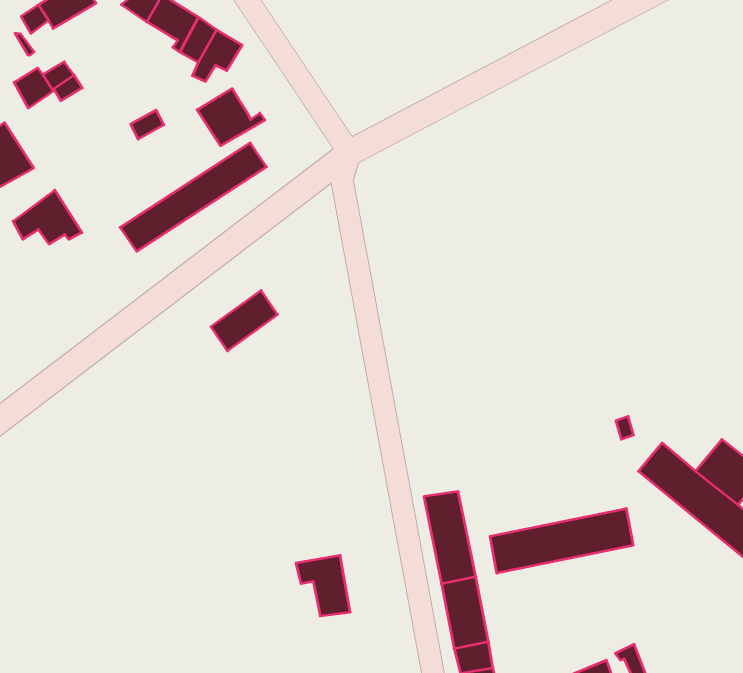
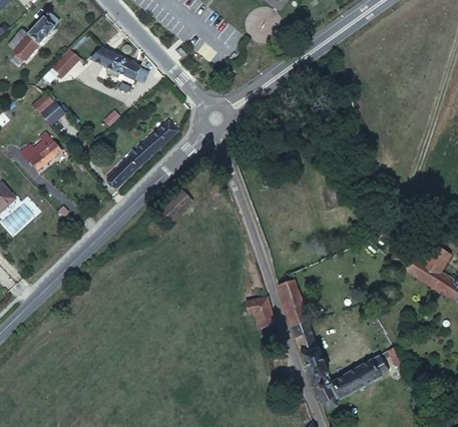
building: [197,89,265,146] -> none
building: [13,190,82,244] -> none
building: [490,508,633,573] -> none
building: [296,555,350,616] -> [246,298,277,330]

